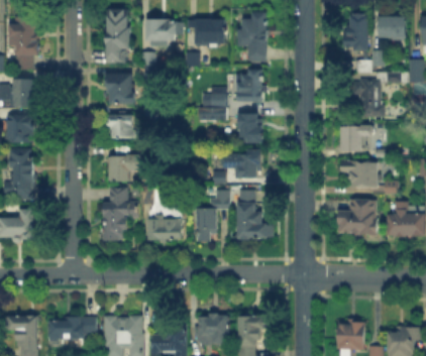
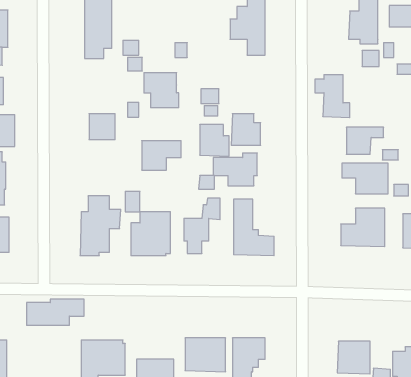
building: [148,19,178,41] -> none
building: [194,19,227,44] -> none
building: [104,73,135,104] -> [144,73,179,108]
building: [241,75,268,103] -> [200,125,229,156]
building: [353,82,385,120] -> [315,75,350,118]
building: [108,157,143,184] -> [142,141,181,170]
building: [45,318,97,341] -> [27,299,84,325]

